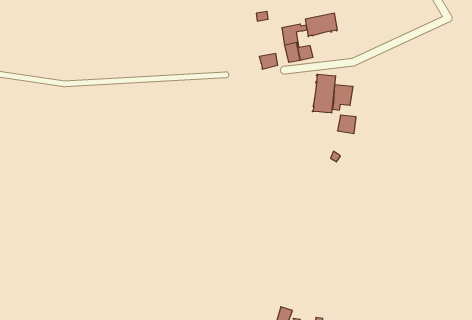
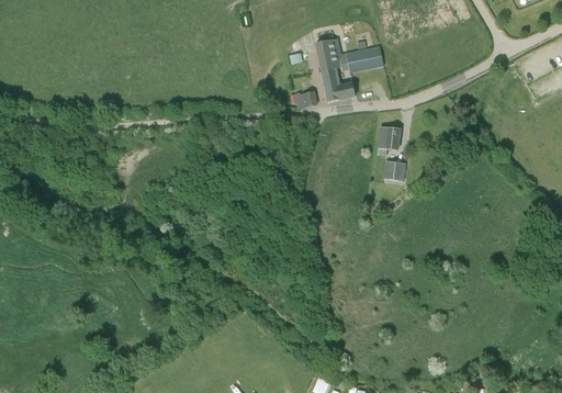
building: none -> [315,38,340,63]
building: [312,74,335,113] -> none

